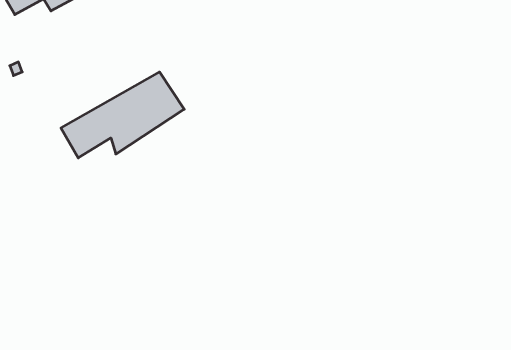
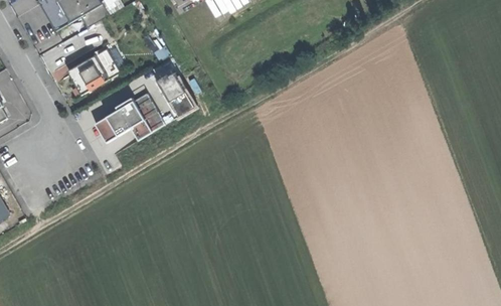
building: none -> [68,46,119,94]

